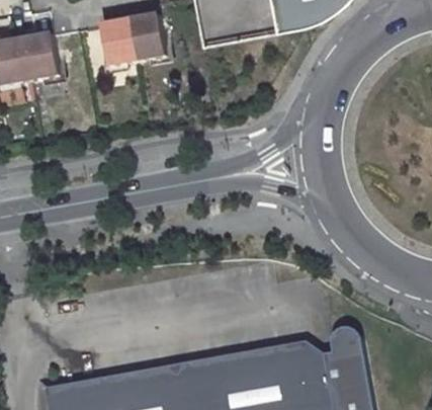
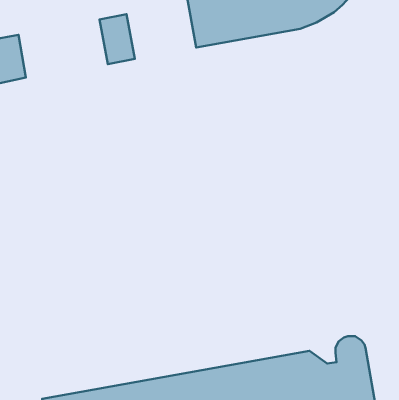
building: [129,10,167,59] -> none
building: [24,30,60,77] -> none

